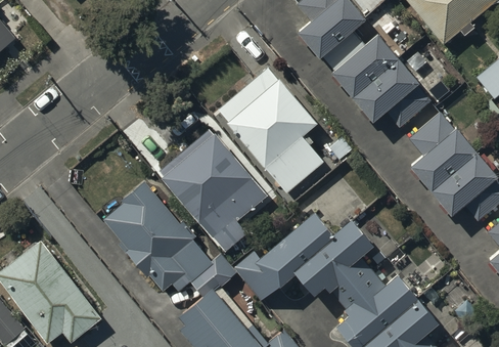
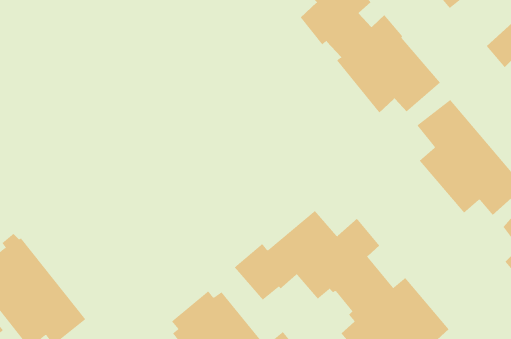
building: [220,70,322,194] -> none
building: [160,129,267,253] -> none
building: [103,182,234,297] -> none

